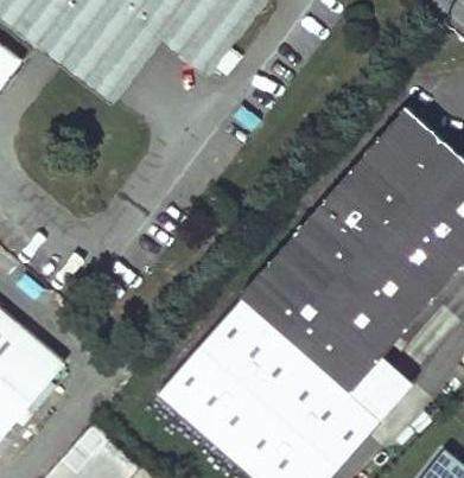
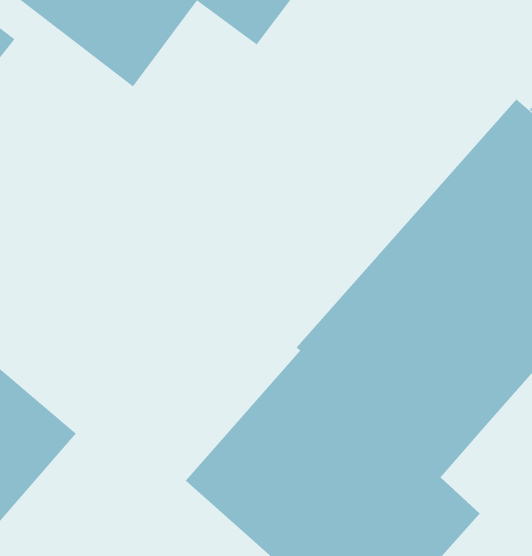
building: [347,361,409,425] -> none

